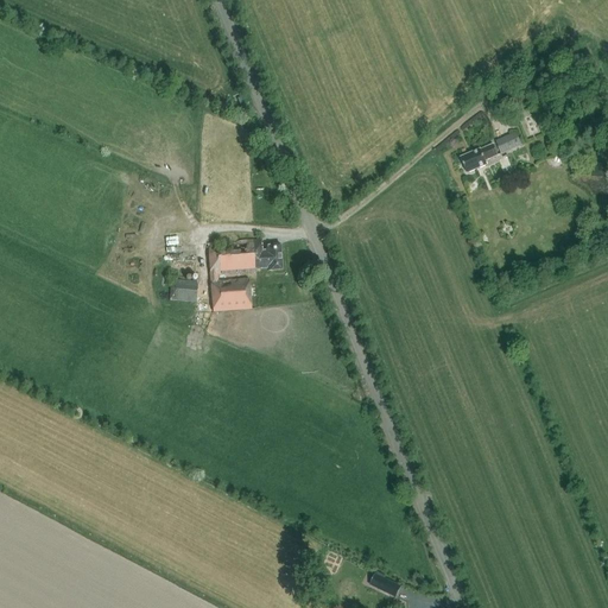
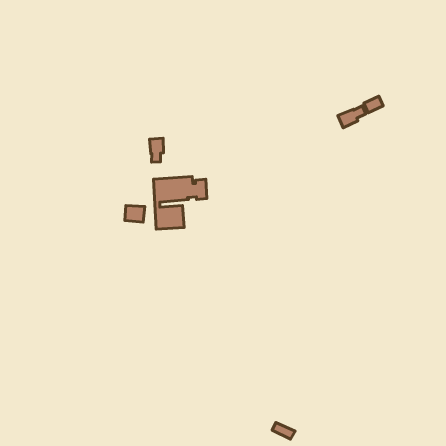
building: none -> [149,138,163,162]

